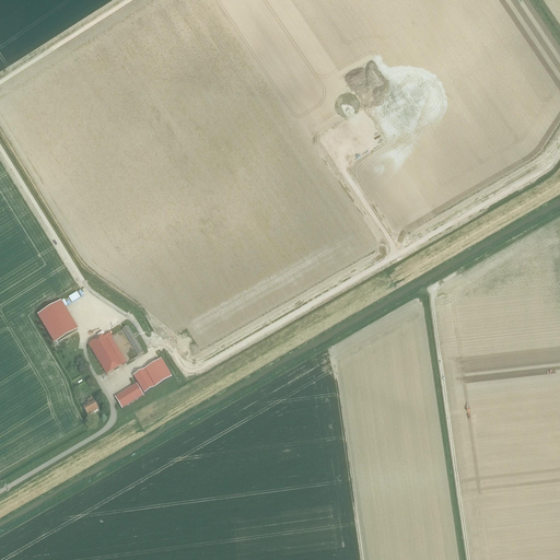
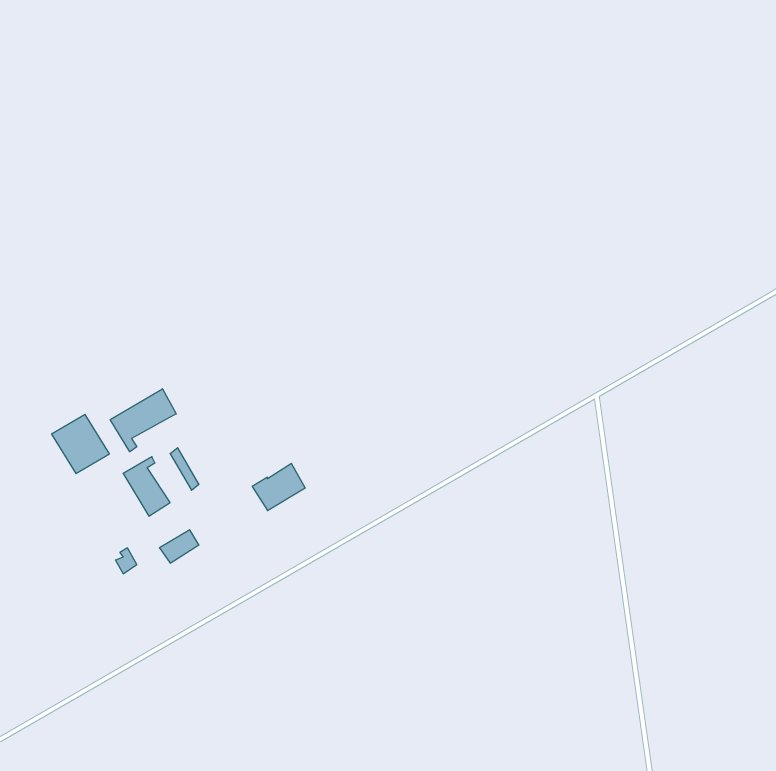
building: none -> [110,389,176,452]
building: [133,357,172,390] -> [252,464,305,511]

